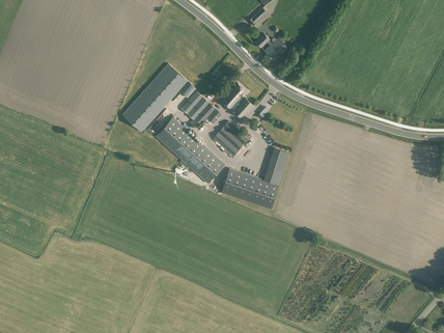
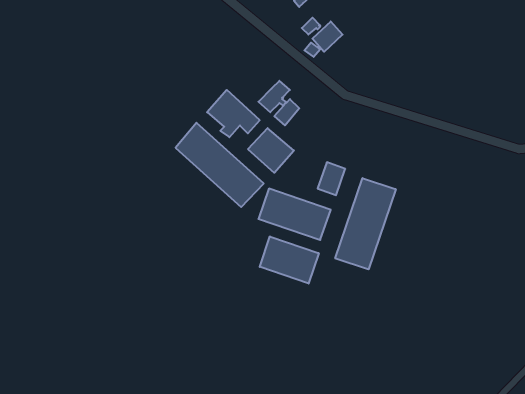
building: [122,63,187,132] -> none
building: none -> [335,178,396,269]
building: none -> [260,236,319,284]

